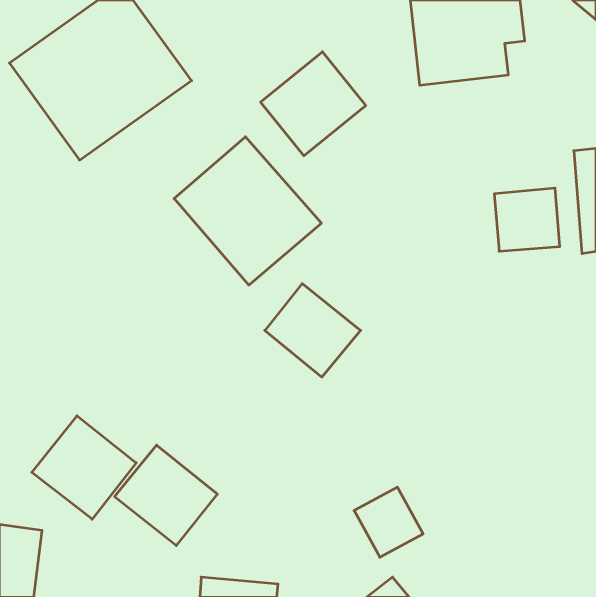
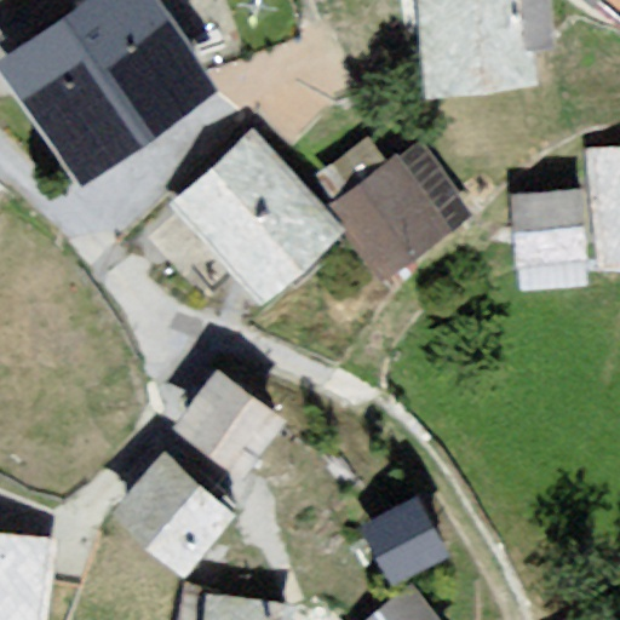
building: [261,52,366,156] -> [345,156,454,264]
building: [265,284,361,377] -> [178,379,277,476]
building: [32,416,136,519] -> none

